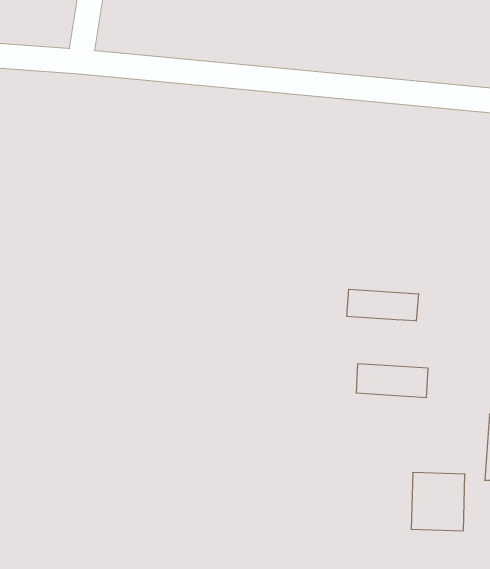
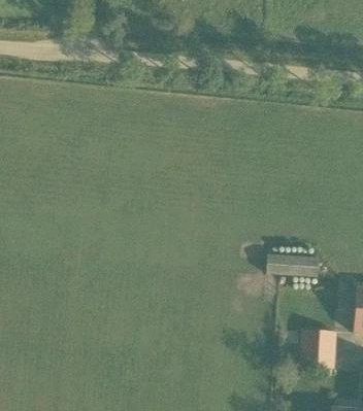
building: [347,289,418,321] -> none

